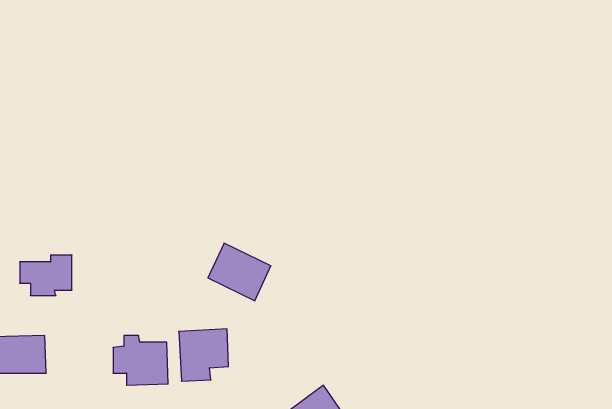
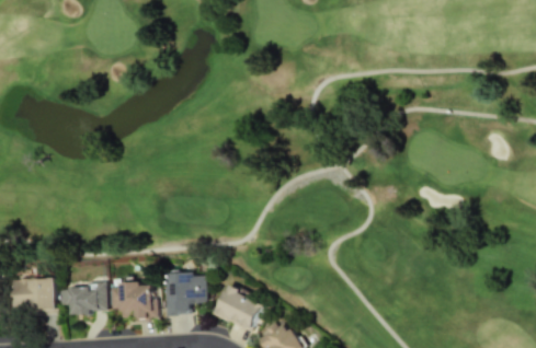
building: [208,243,271,301] -> [213,286,264,333]
building: [20,255,72,295] -> [64,282,106,315]

